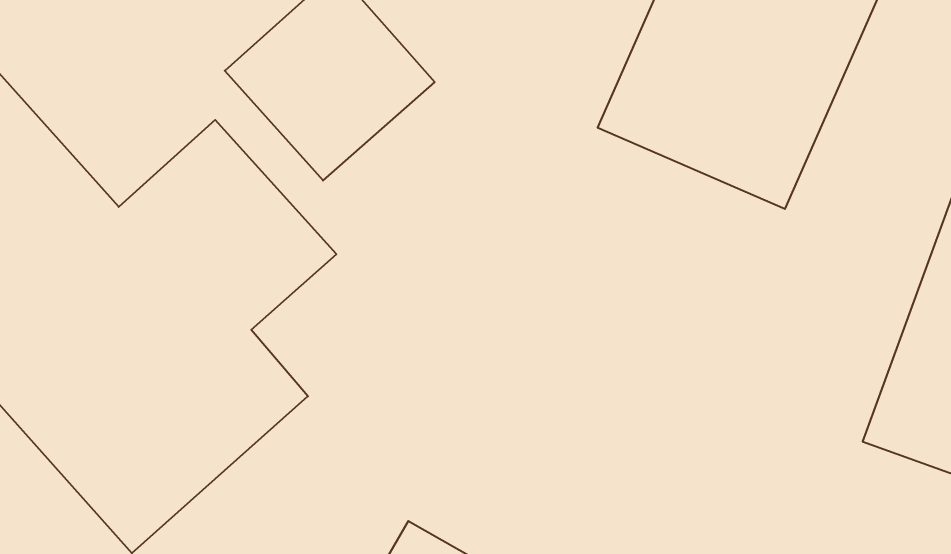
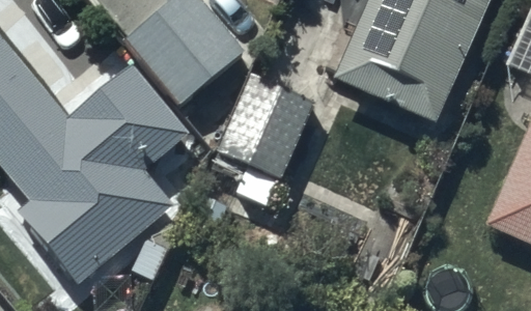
building: none -> [213,77,317,191]

